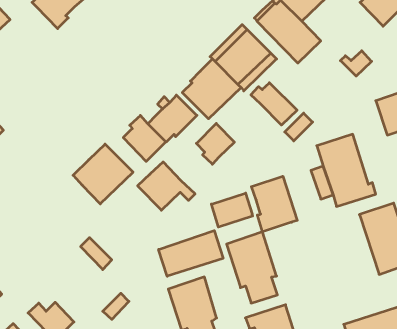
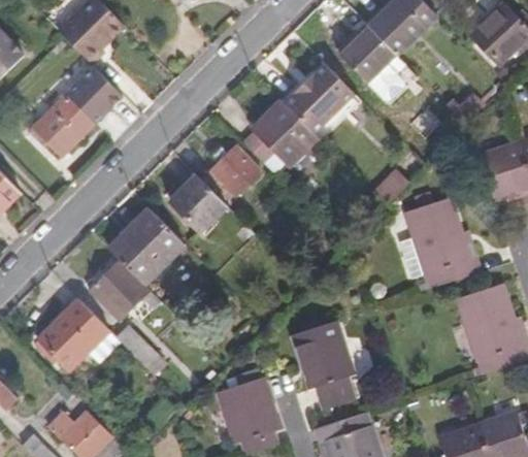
building: none -> [23,67,119,156]
building: [251,83,297,125] -> none
building: [196,123,234,164] -> none
building: [138,162,195,210] -> [85,261,157,322]
building: [251,176,297,232] -> none
building: [211,193,253,227] -> none
building: none -> [36,300,106,370]
building: [159,231,223,276] -> none

